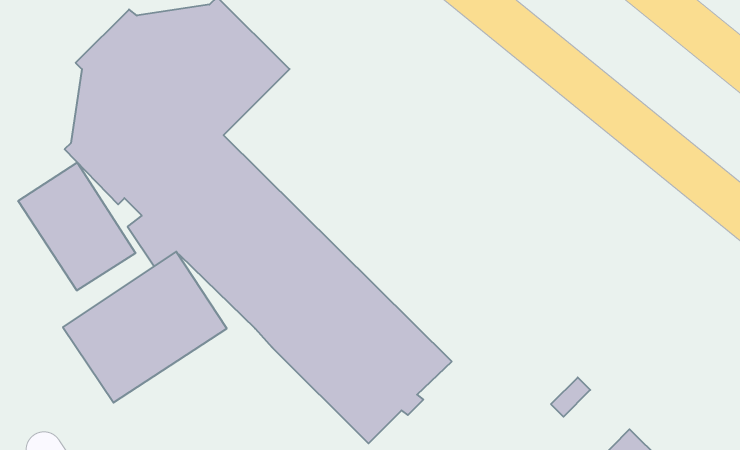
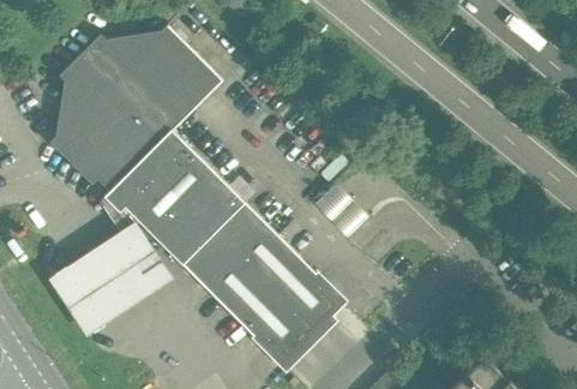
building: [18,162,135,291] -> none

